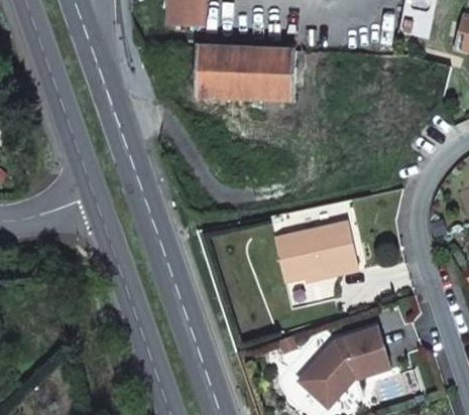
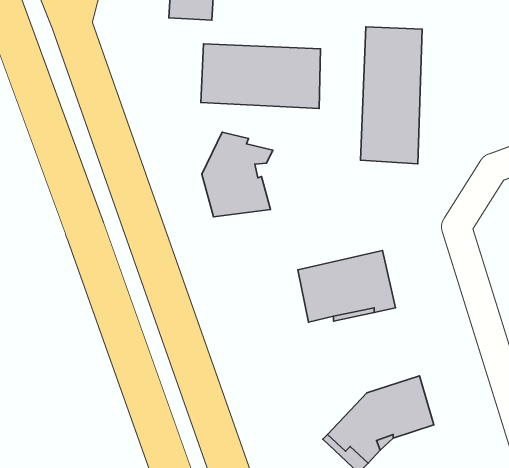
building: none -> [360,27,422,164]
building: none -> [202,132,273,217]

